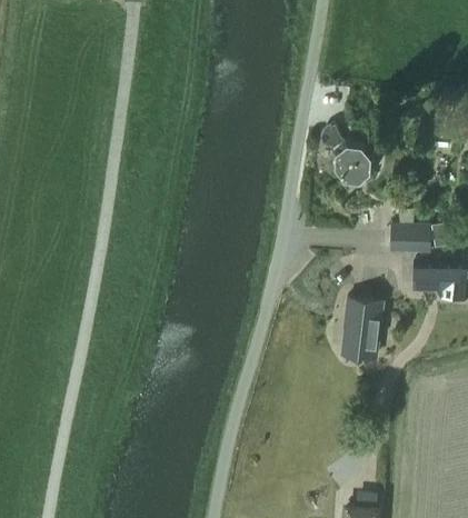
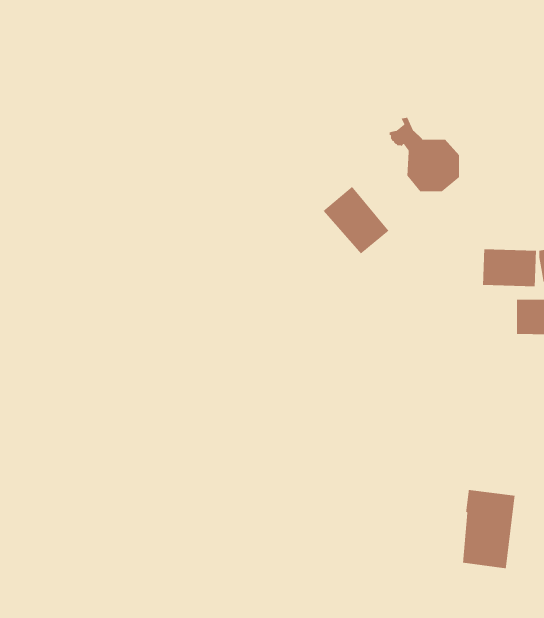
building: none -> [322,186,390,255]
building: [342,300,382,360] -> [462,489,516,569]

